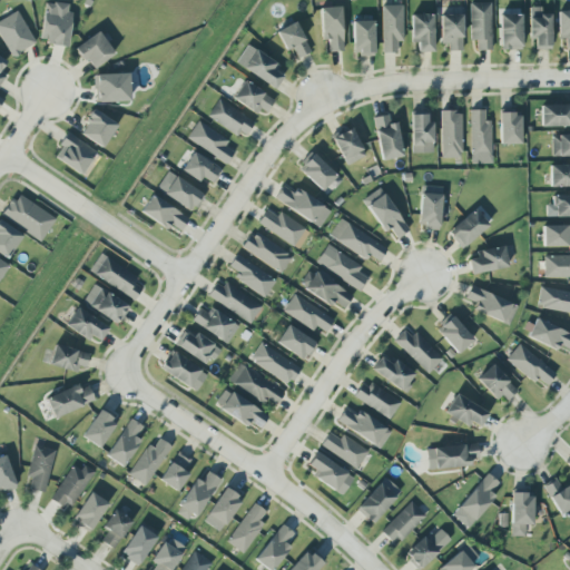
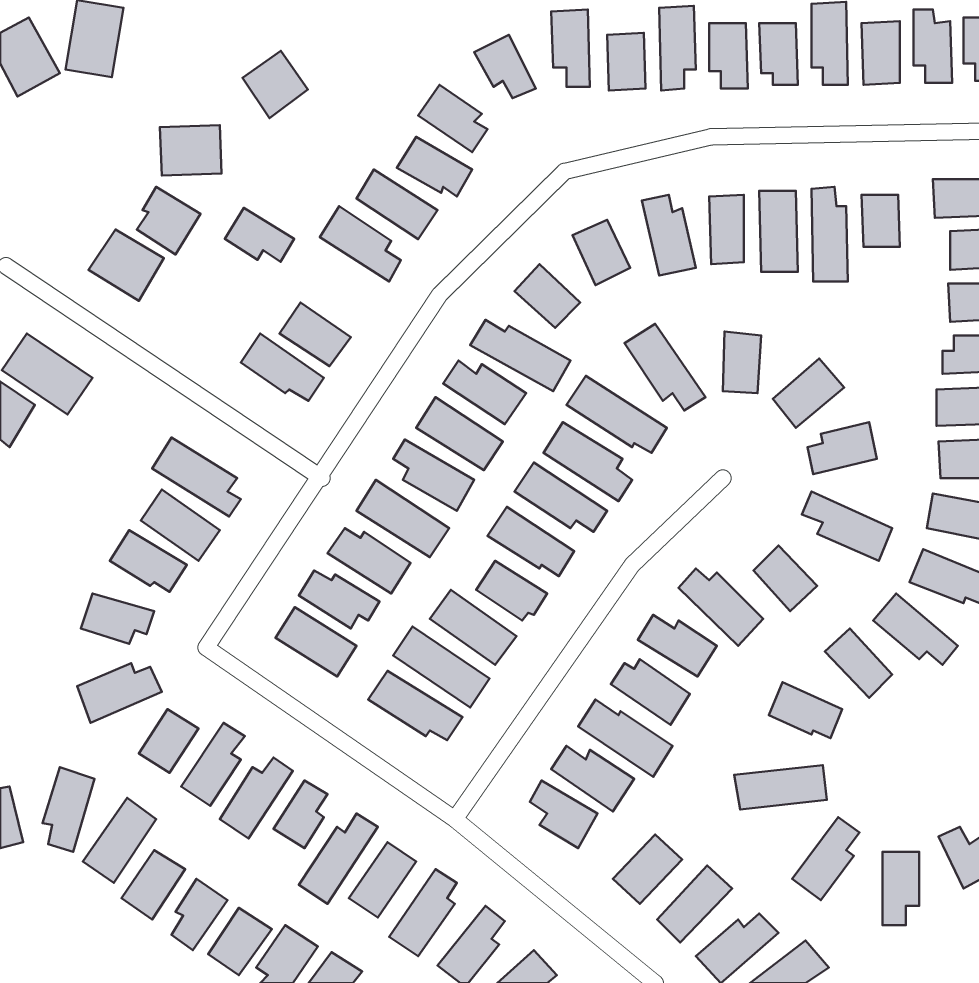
building: [78,30,116,69] -> [242,51,308,118]
building: [183,151,223,183] -> [225,208,294,262]

